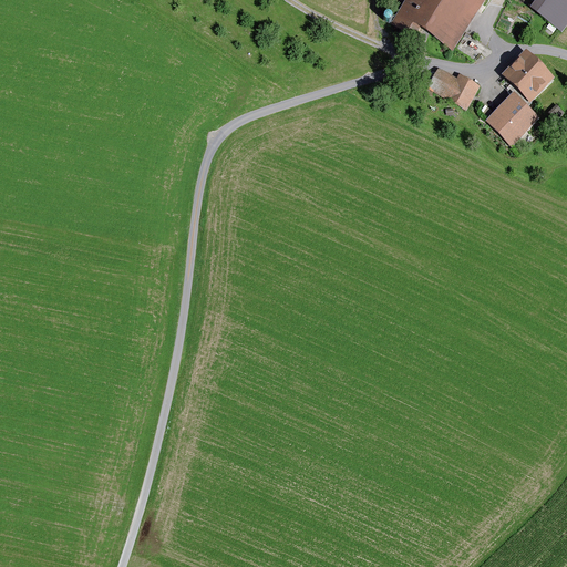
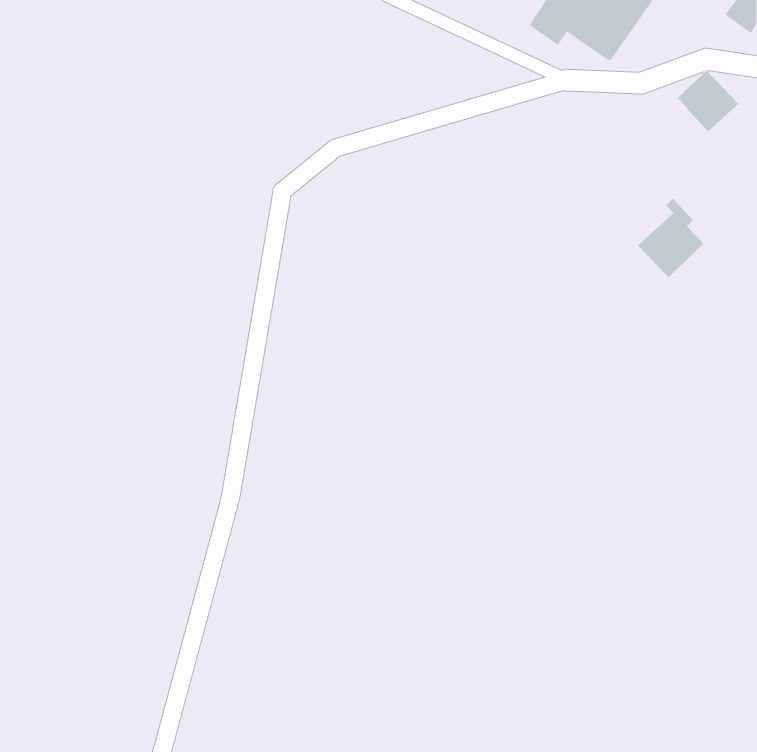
building: [432,71,477,105] -> none
building: [486,82,536,142] -> [637,198,704,278]

